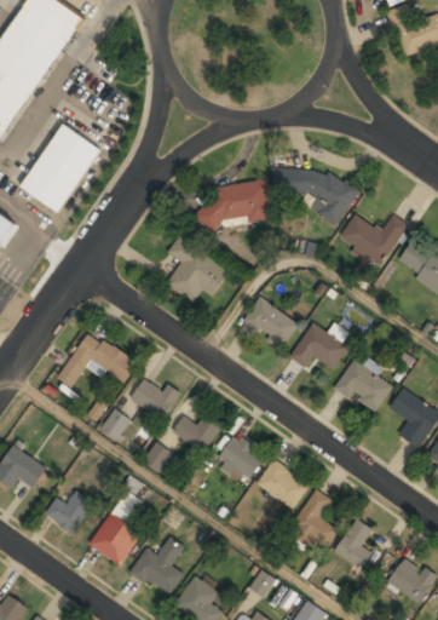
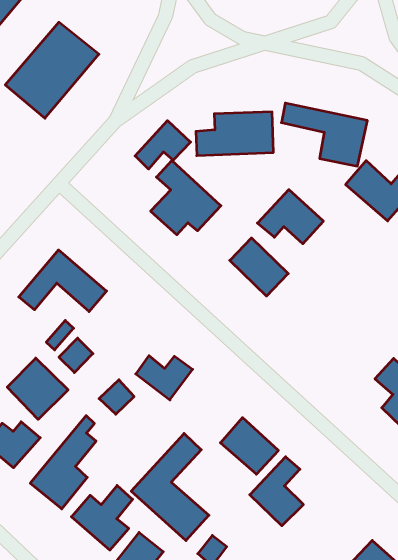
building: none -> [135,121,191,169]
building: [289,323,348,371] -> [257,190,323,244]
building: [335,358,393,413] -> none
building: [129,378,181,421] -> none
building: none -> [7,358,68,419]
building: [215,434,266,483] -> none
building: none -> [131,433,209,541]
building: [334,518,374,570] -> none

